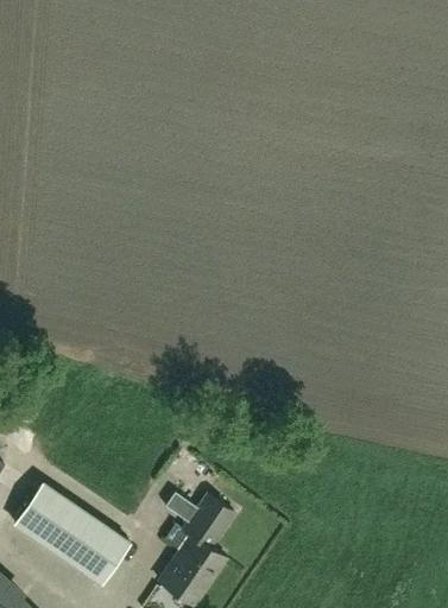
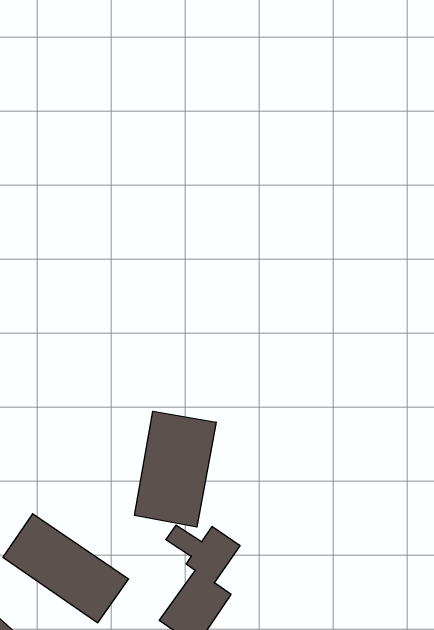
building: none -> [134,411,216,527]

